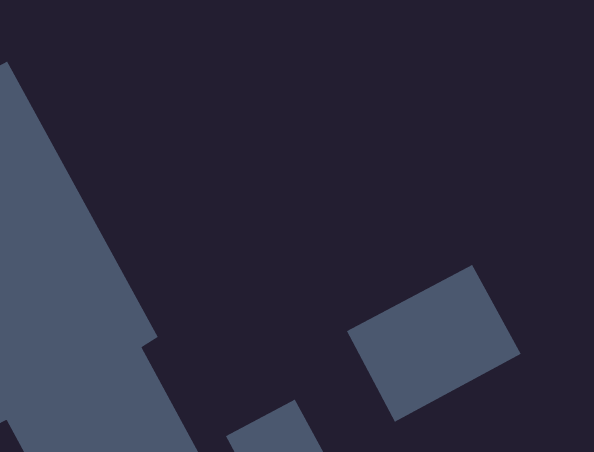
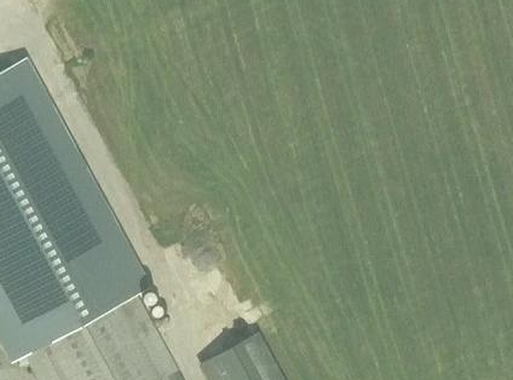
building: [346,264,522,423] -> none

